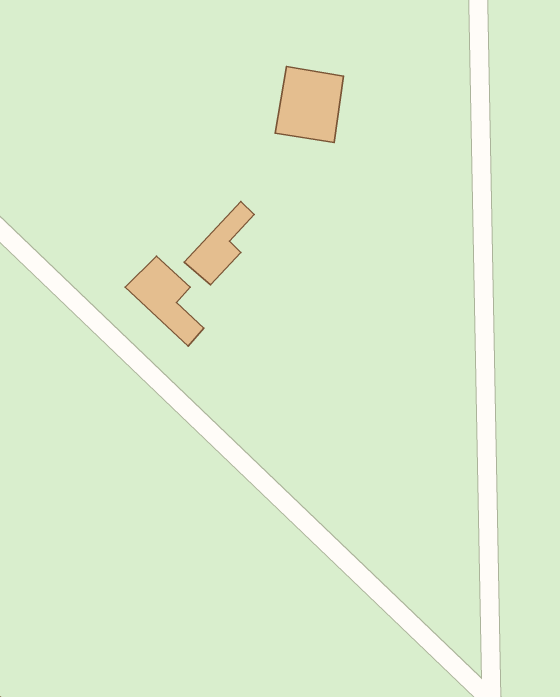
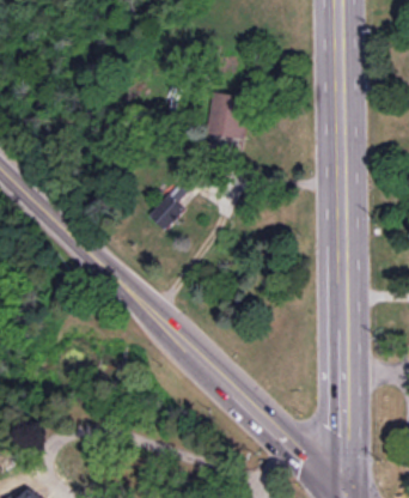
building: [125,256,204,346] -> none

